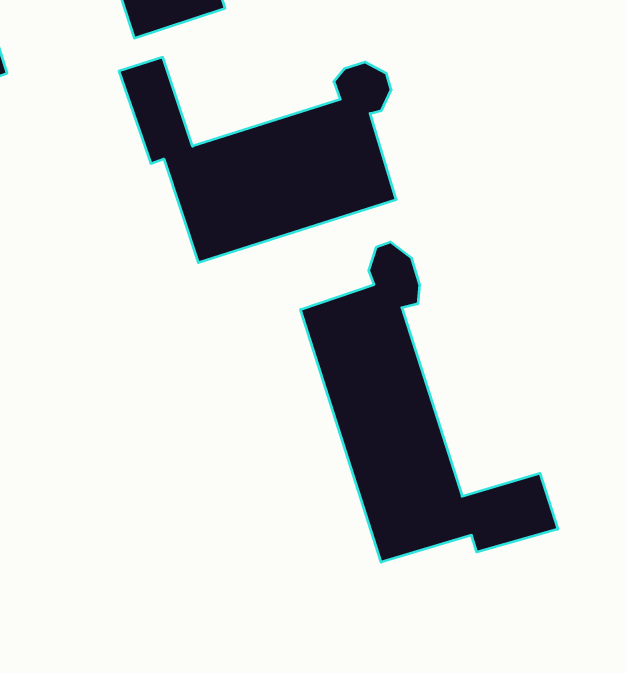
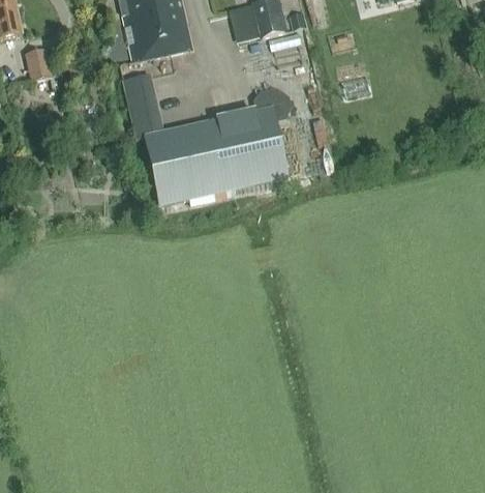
building: [301,242,558,562] -> none

